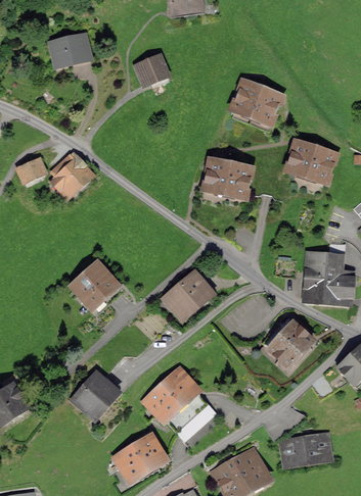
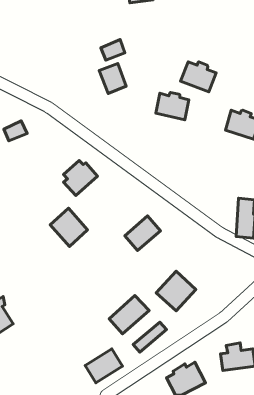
building: [52,37,88,65] -> none
building: none -> [99,63,126,94]
building: [51,155,93,198] -> [63,160,97,195]
building: [208,162,249,196] -> [156,92,189,120]
building: [264,318,313,367] -> [156,271,196,311]
building: [76,377,116,417] -> none

